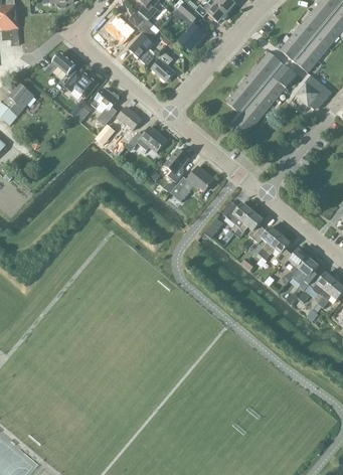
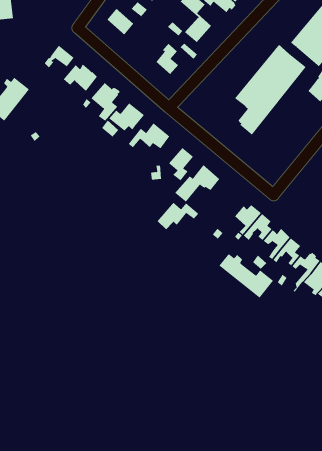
building: [129,19,155,63] -> none
building: none -> [157,202,199,230]
building: none -> [219,253,274,299]

